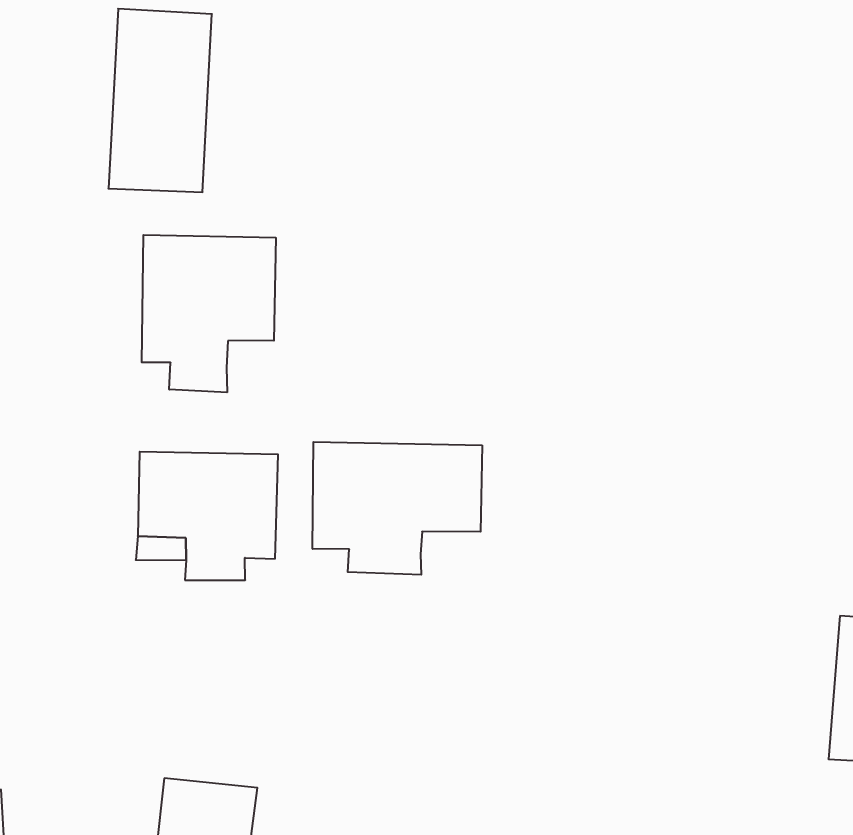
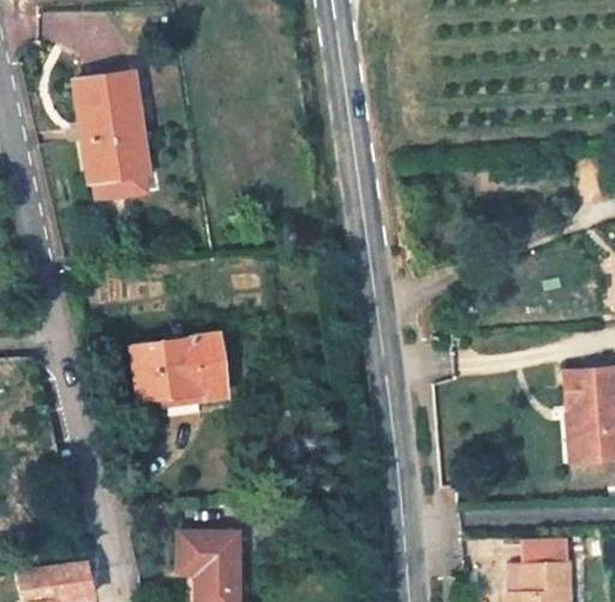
building: [142,235,276,392] -> none
building: [313,442,482,575] -> none

